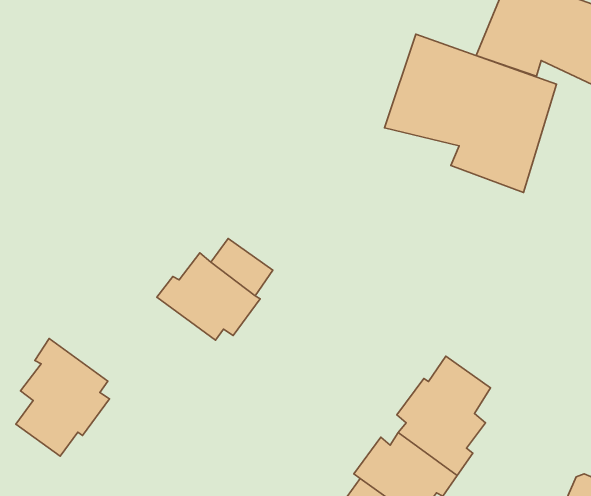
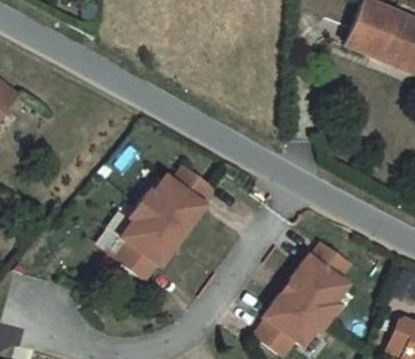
building: [384,34,557,193] -> none
building: [16,338,109,456] -> [117,204,176,278]

